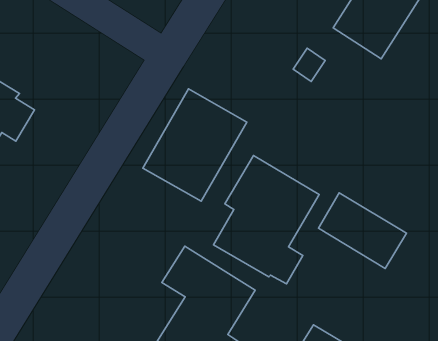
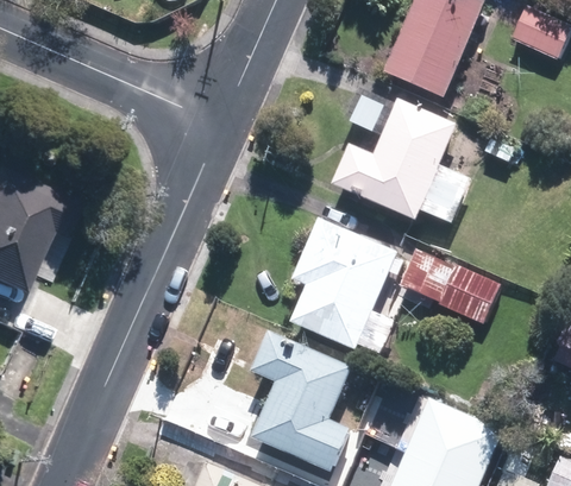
building: none -> [338,99,471,223]
building: [143,89,247,201] -> none

